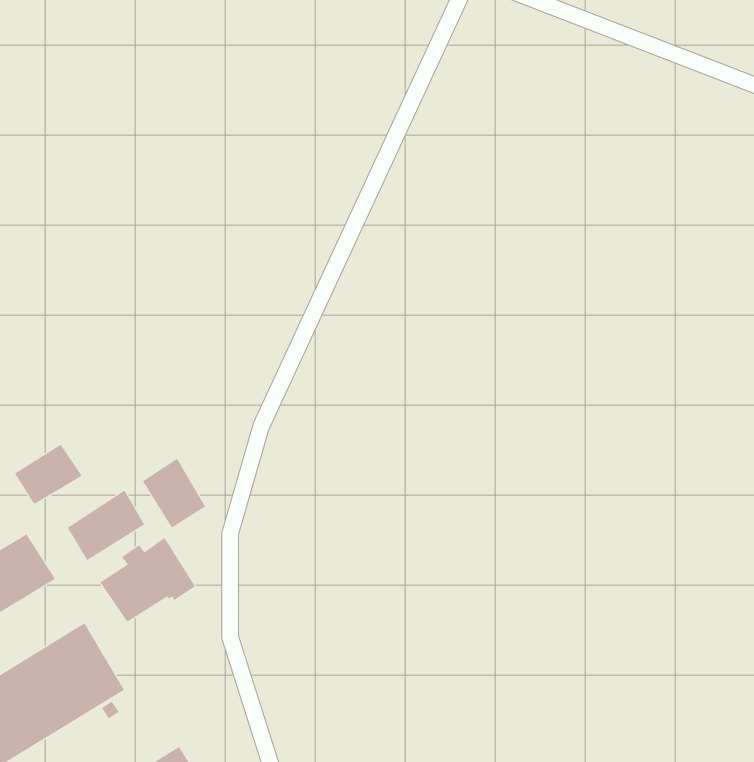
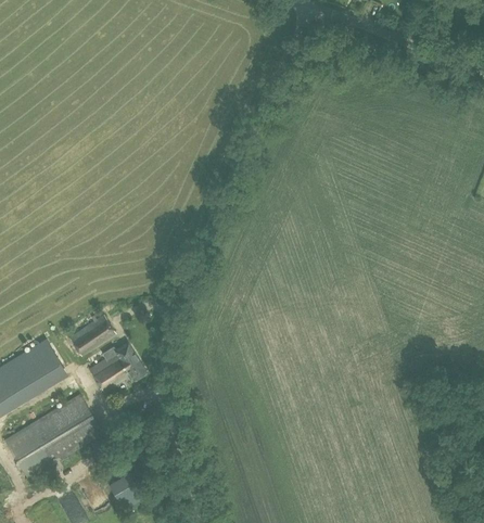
building: [14,444,82,505] -> none
building: [142,458,206,528] -> none

